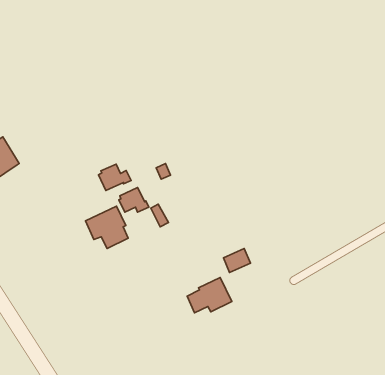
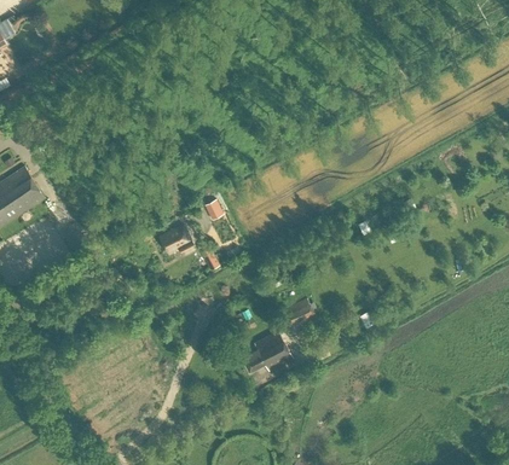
building: [98,164,131,190] -> none
building: [86,206,128,249] -> none

